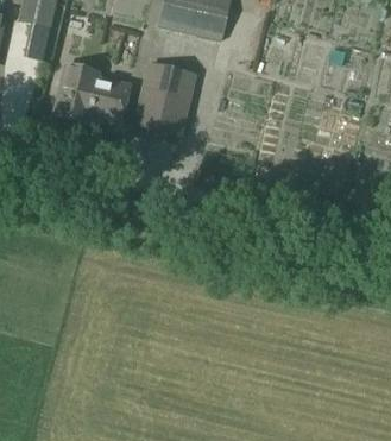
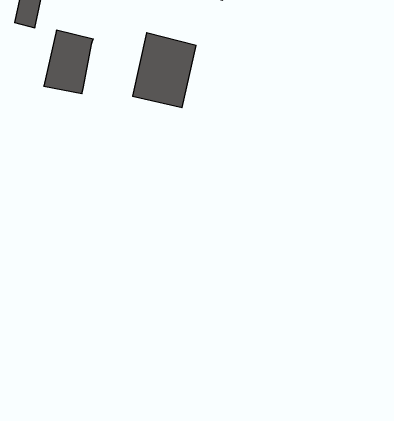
building: [90,75,131,125] -> none

